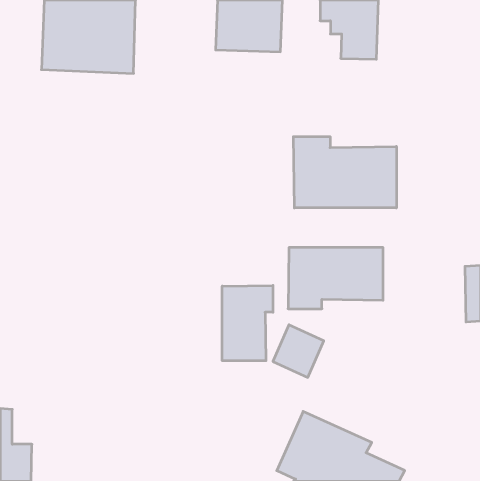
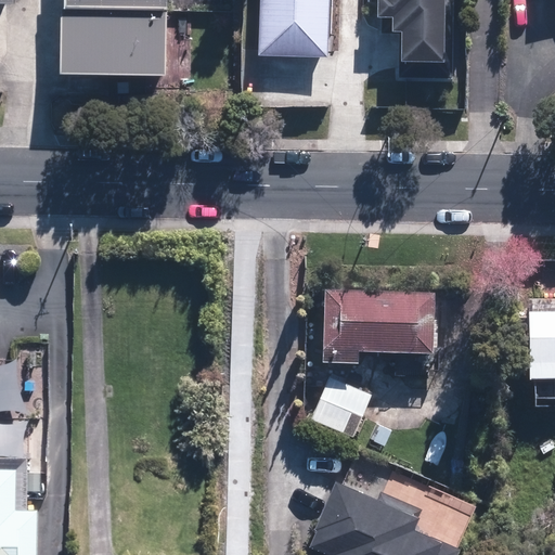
building: [293,137,396,208] -> none
building: [222,285,273,361] -> none

